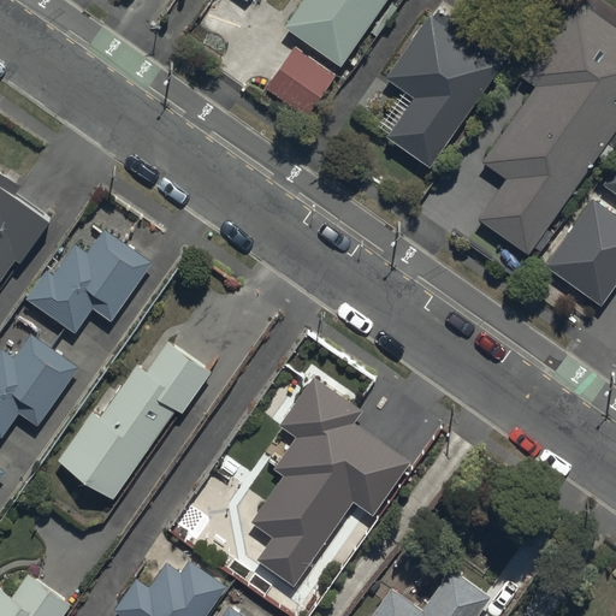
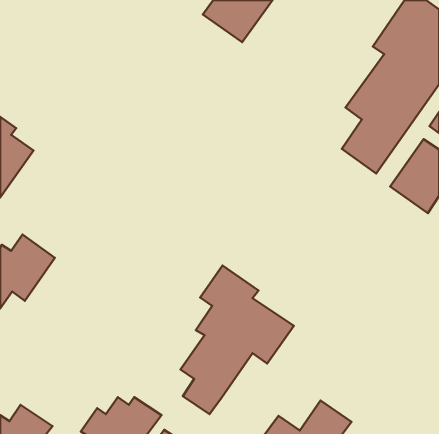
building: [386,14,500,166] -> none
building: [266,48,334,117] -> none
building: [24,231,150,334] -> none
building: [57,342,214,500] -> none

